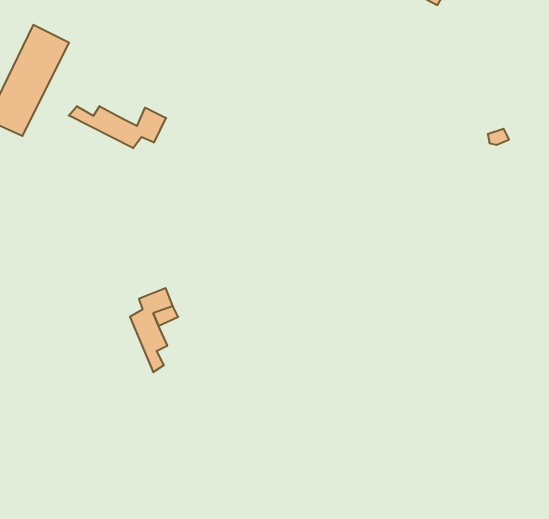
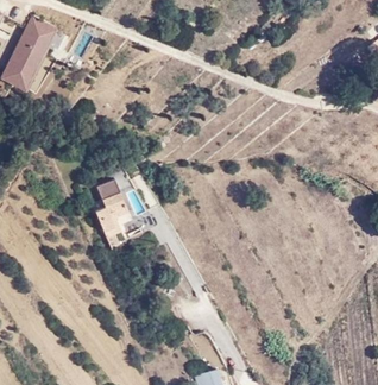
building: [69,106,166,148] -> none

